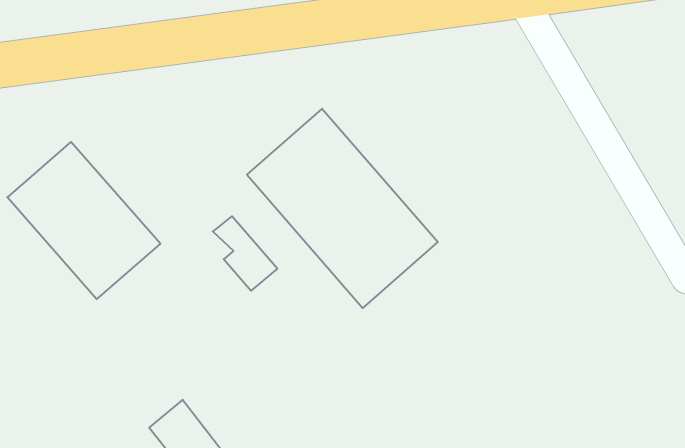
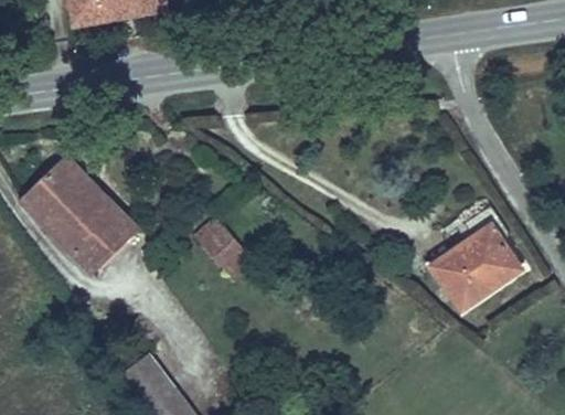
building: [247,109,438,308] -> none
building: none -> [435,231,519,305]

